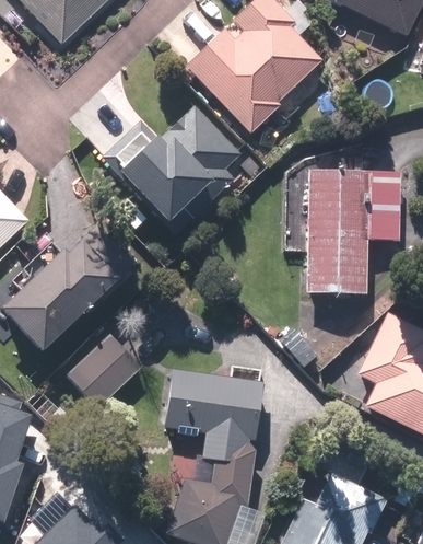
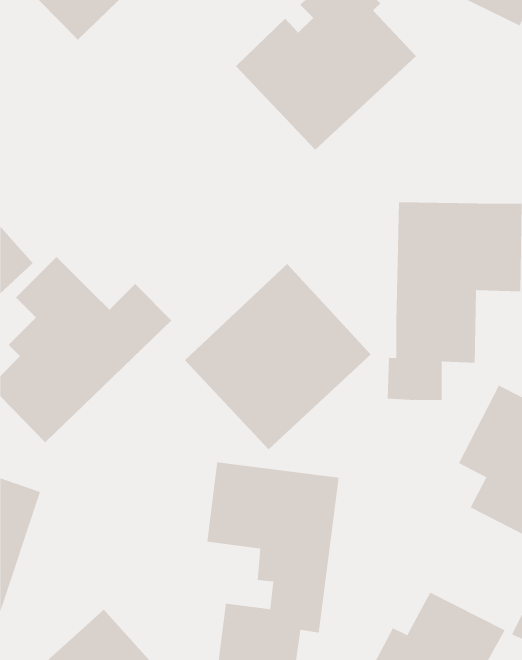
building: [116,100,259,243] -> [184,263,372,450]
building: [68,334,142,407] -> none

